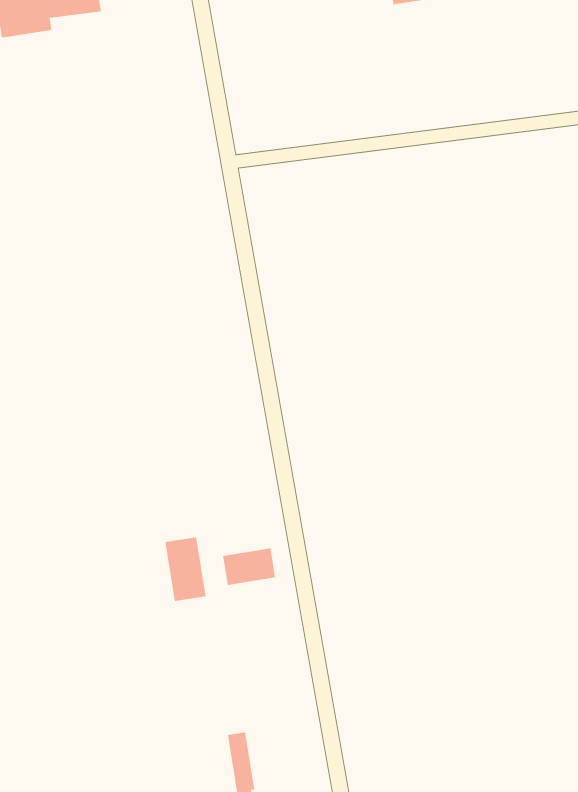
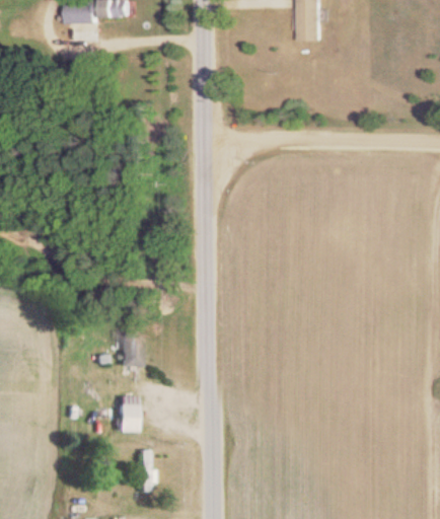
building: [223,548,276,586] -> none
building: none -> [120,402,138,430]

